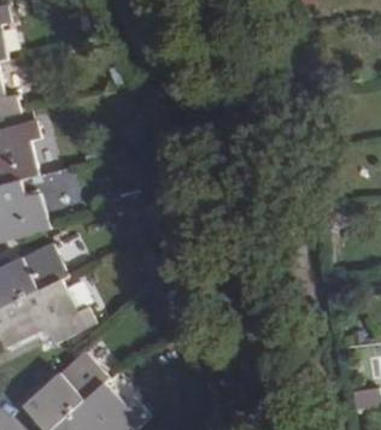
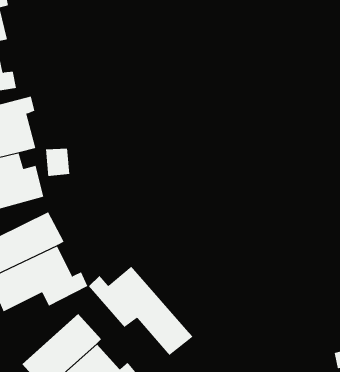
building: none -> [88,266,194,356]

